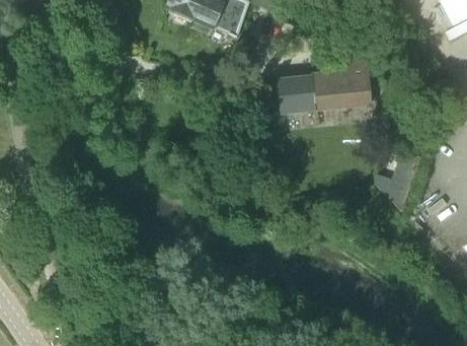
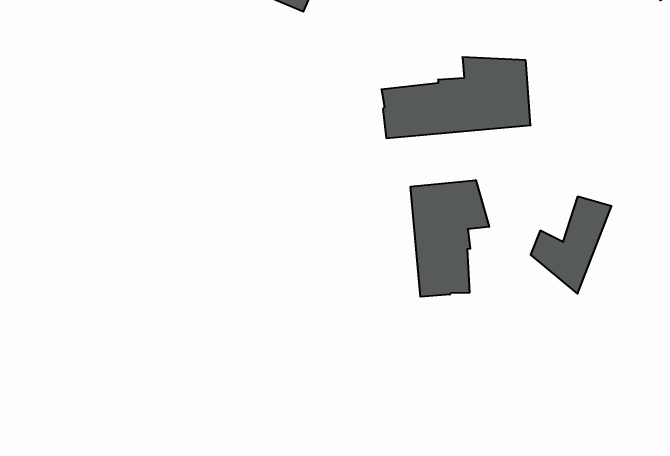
building: none -> [411,180,489,297]

